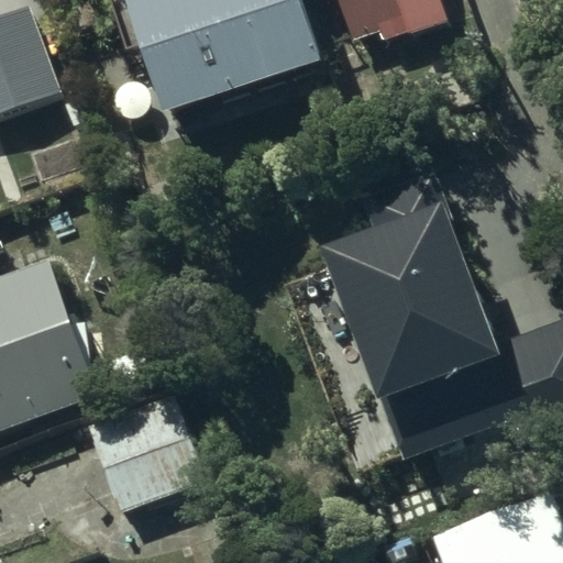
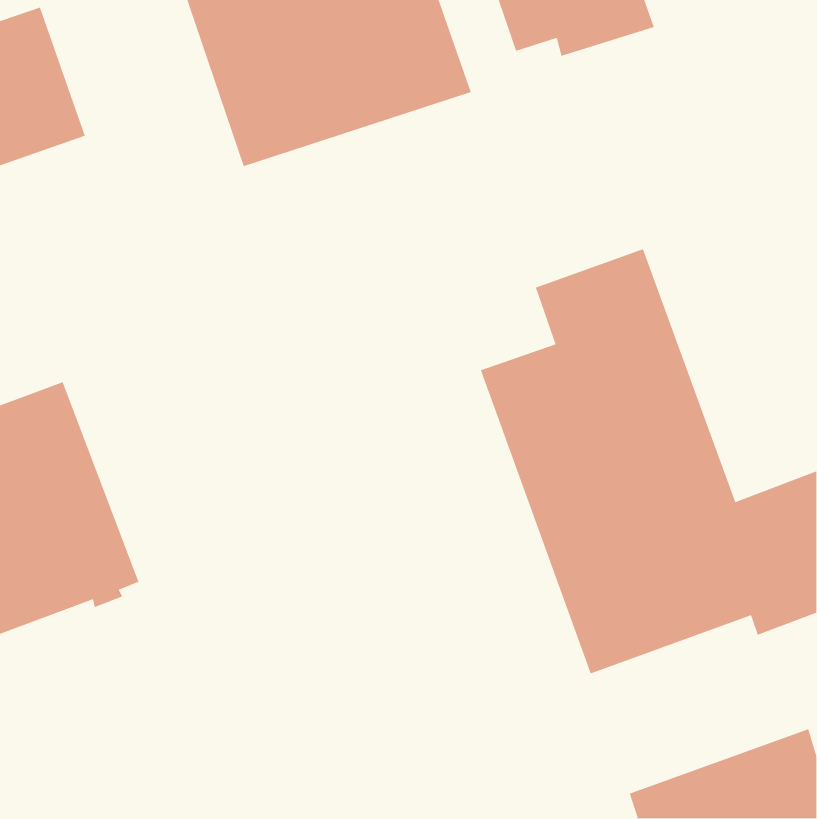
building: [82,394,205,516] -> none

